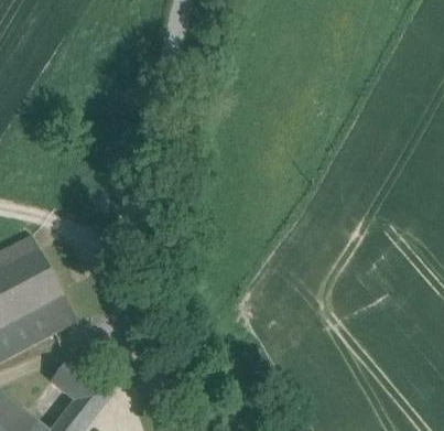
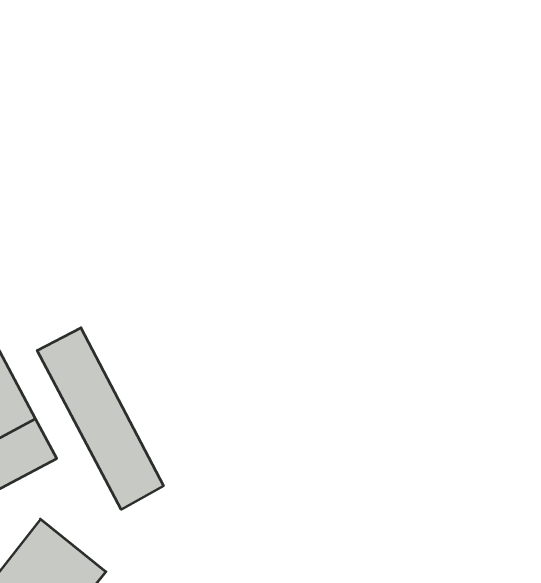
building: none -> [37,328,163,509]

